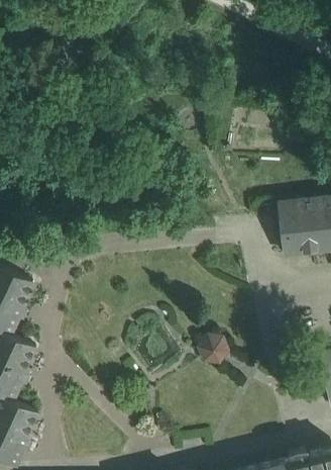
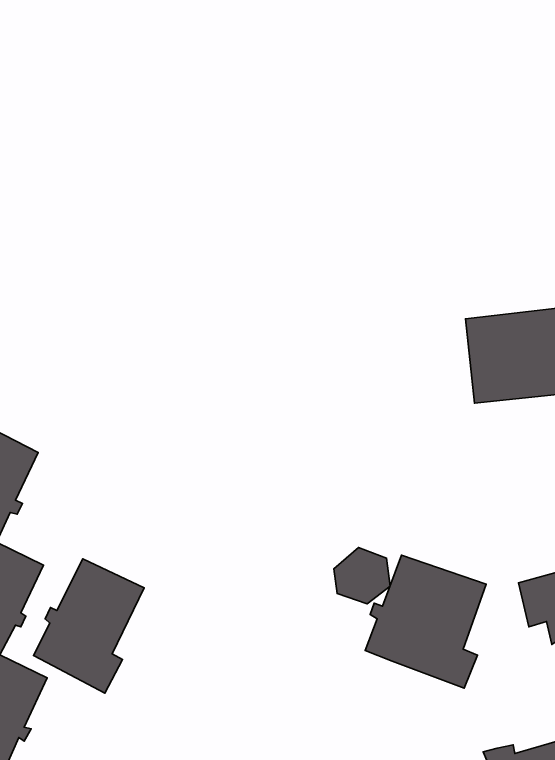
building: none -> [365,555,486,688]
building: none -> [33,559,144,693]

